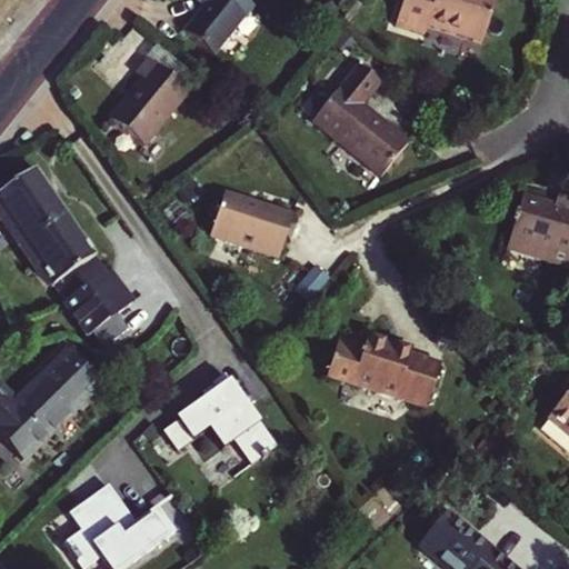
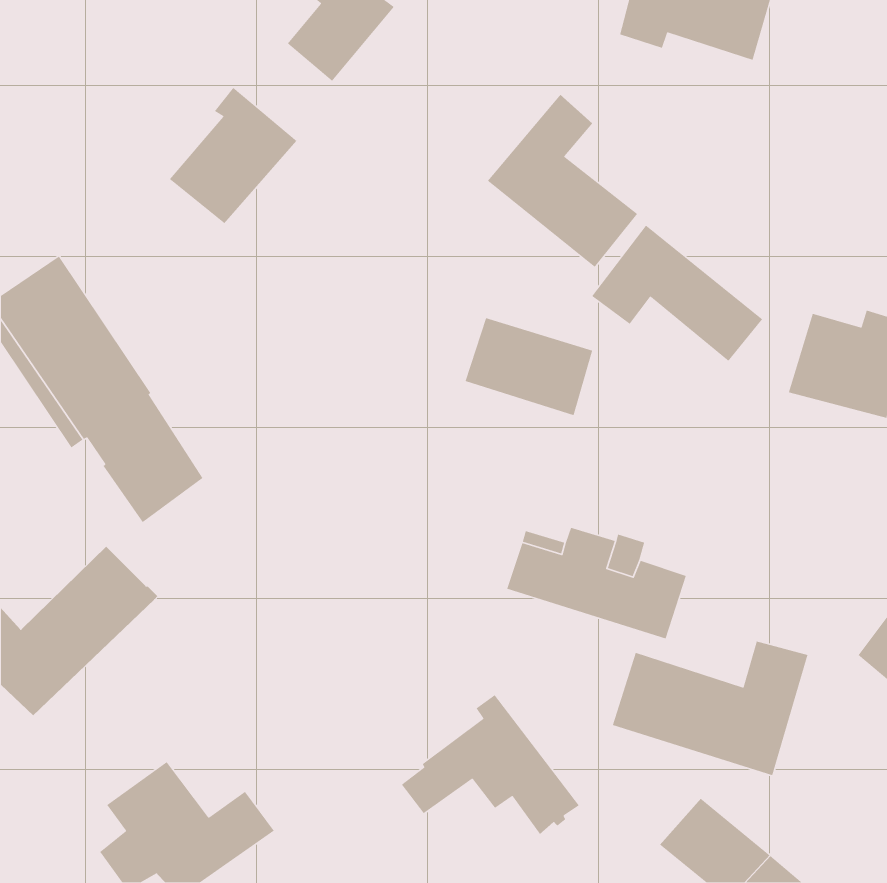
building: none -> [591,224,763,362]
building: [209,188,291,251] -> [465,317,593,416]
building: [162,373,277,463] -> [401,694,580,835]
building: none -> [612,641,809,776]

